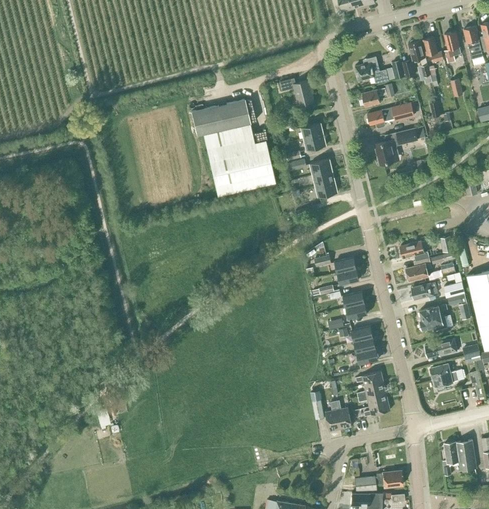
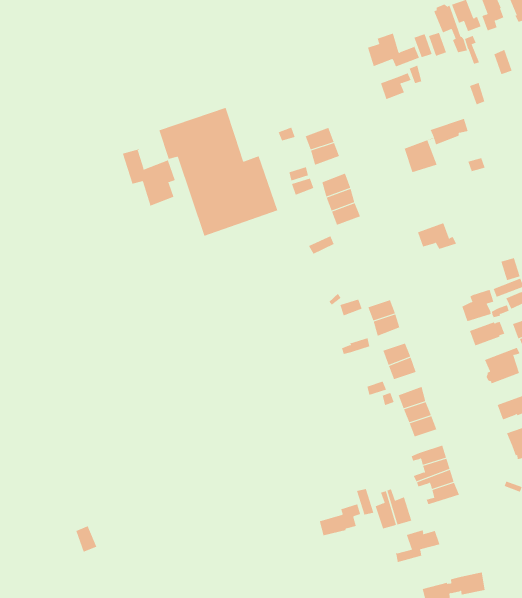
building: [280,77,313,105] -> none
building: [367,101,414,127] -> none
building: none -> [122,148,176,207]
building: [400,240,429,260] -> [417,223,457,250]
building: none -> [319,504,361,536]
building: none -> [395,530,440,563]

